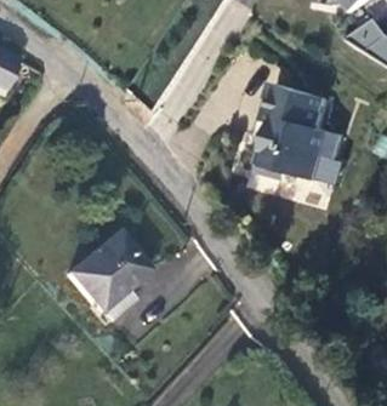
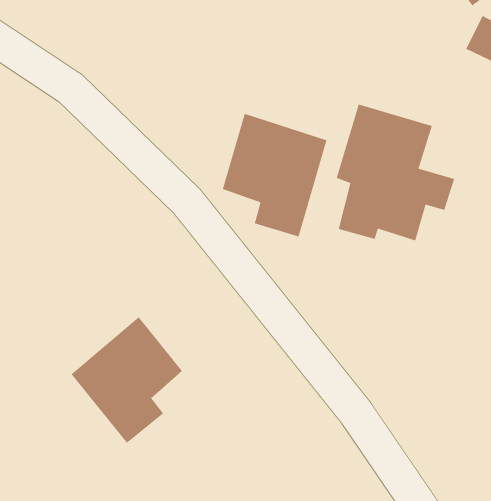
building: none -> [222,113,328,238]

